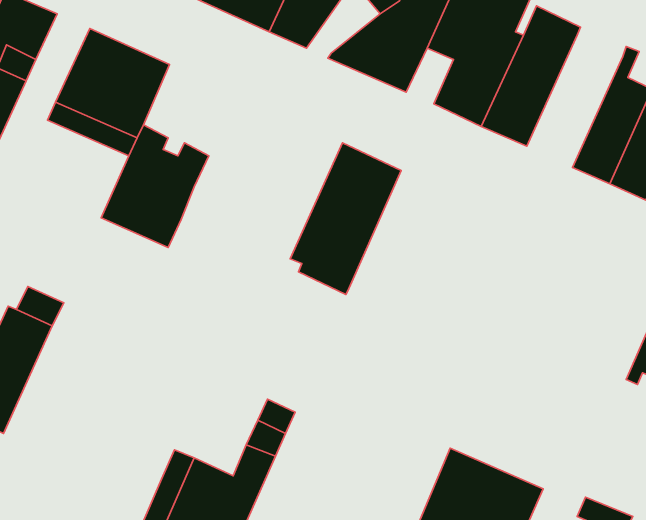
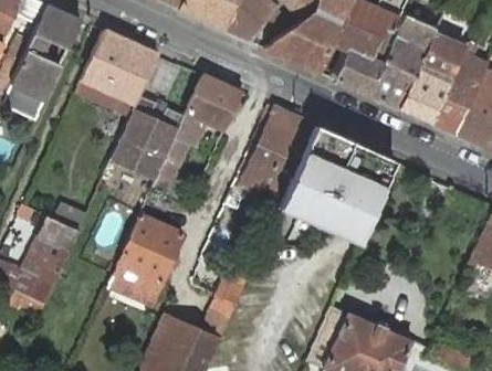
building: none -> [400,33,465,123]
building: none -> [153,74,242,192]
building: none -> [279,125,395,242]
building: none -> [108,214,182,300]

